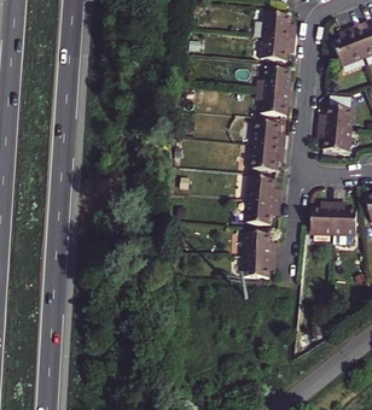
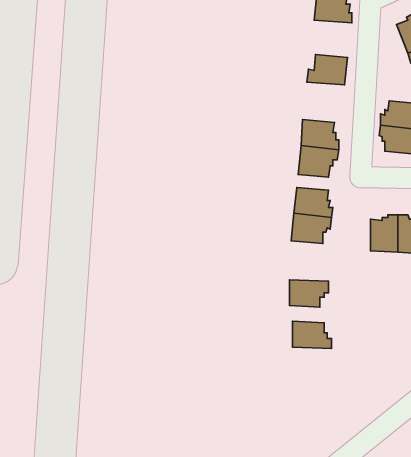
building: [261,37,295,60] -> none
building: [256,89,289,113] -> none
building: [243,233,275,256] -> [293,321,331,349]

